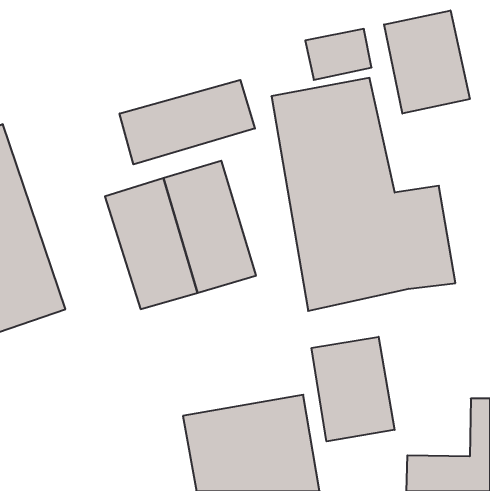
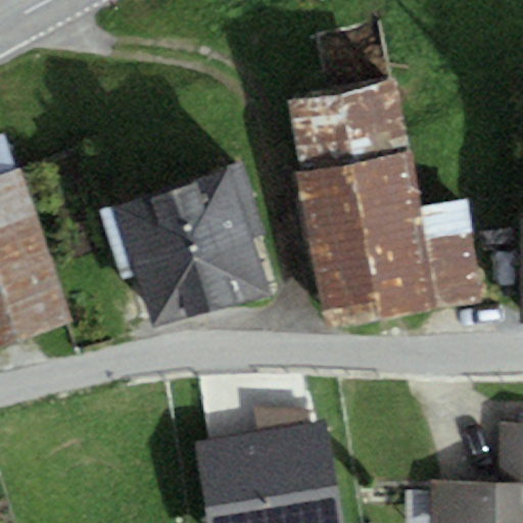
building: [384,10,470,114] -> none
building: [120,80,255,164] -> none
building: [312,337,395,441] -> none

